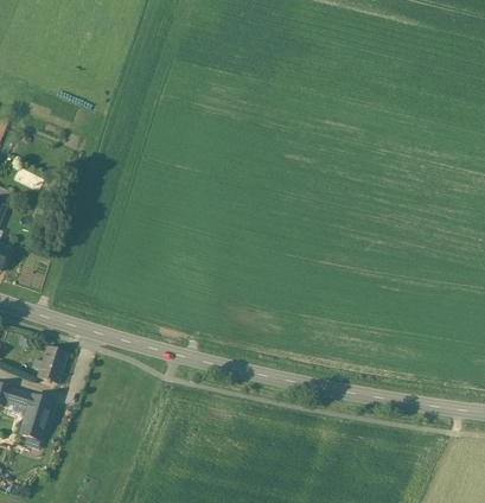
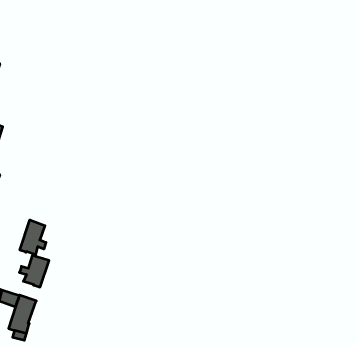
building: none -> [20,220,46,255]

